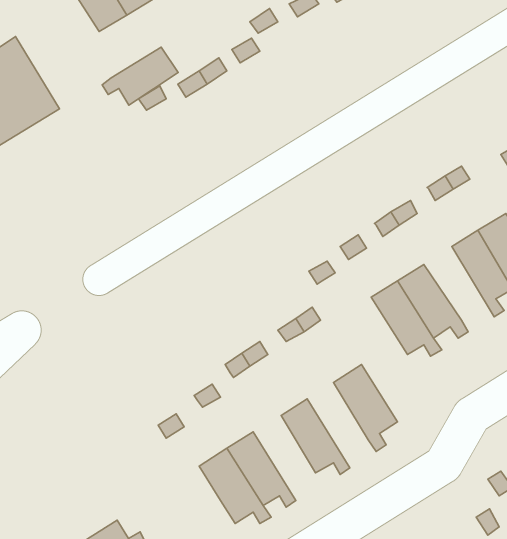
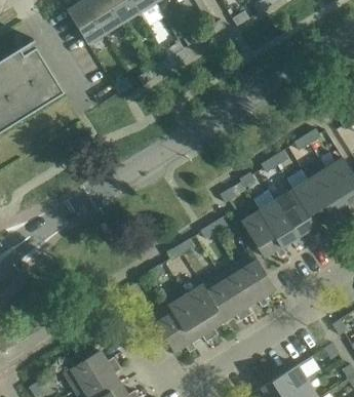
building: [102,47,178,105] -> none
building: none -> [291,177,336,225]
building: none -> [241,209,285,256]
building: none -> [219,263,257,316]
building: none -> [185,283,224,336]

